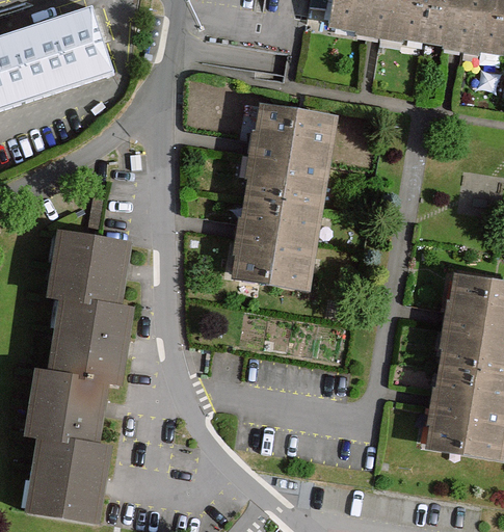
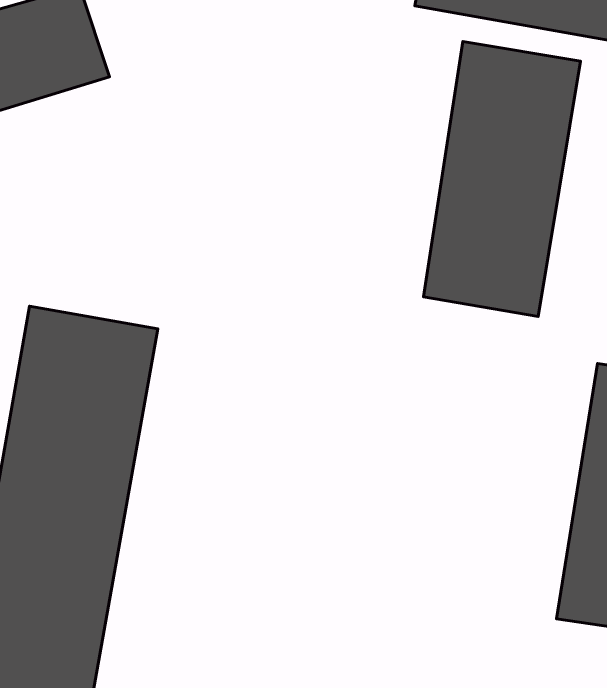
building: [230,102,338,291] -> [424,42,581,316]

